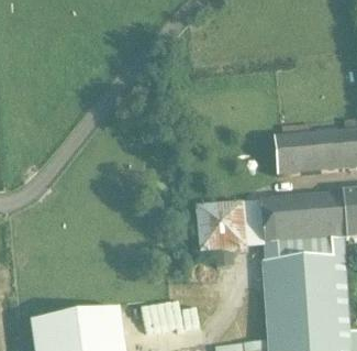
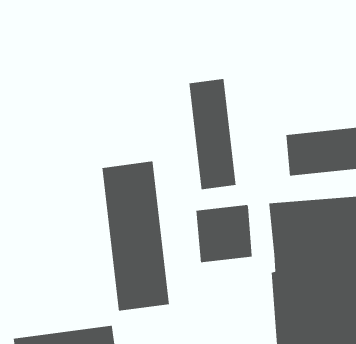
building: none -> [189,78,236,190]
building: none -> [102,161,170,312]

